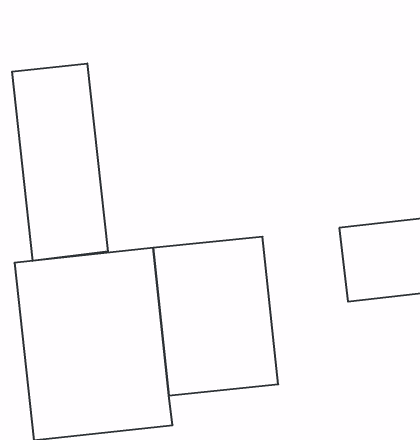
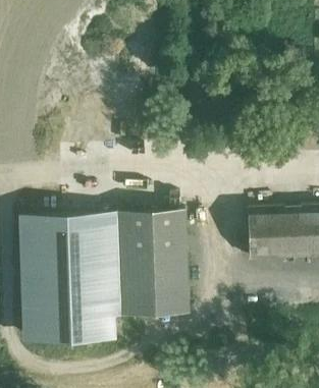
building: [12,63,108,261] -> none

